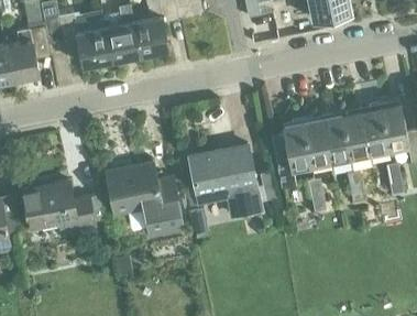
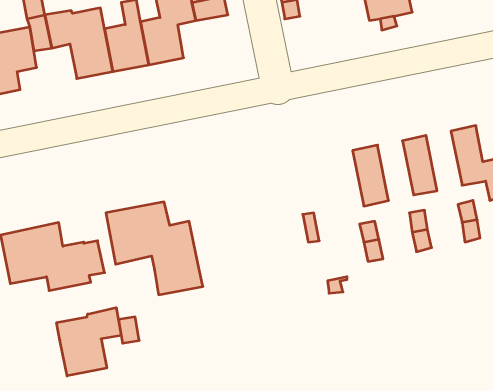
building: [360,108,388,155] -> none
building: [321,116,350,163] -> none
building: [272,123,310,188] -> none
building: [188,144,261,217] -> none
building: none -> [57,308,121,376]

